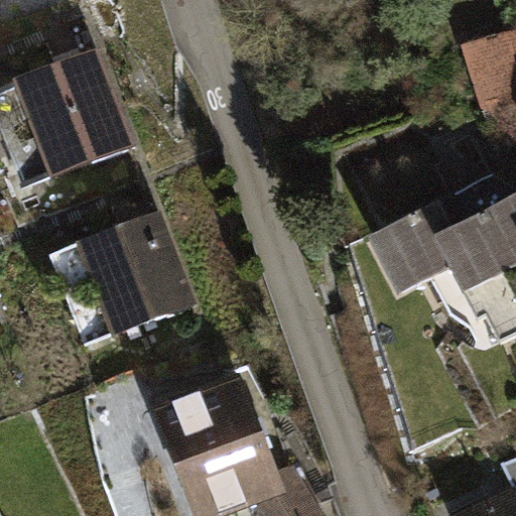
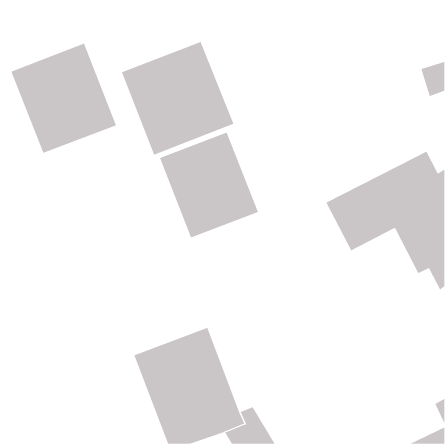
building: none -> [121,41,234,155]
building: [81,214,196,337] -> [159,132,259,238]

